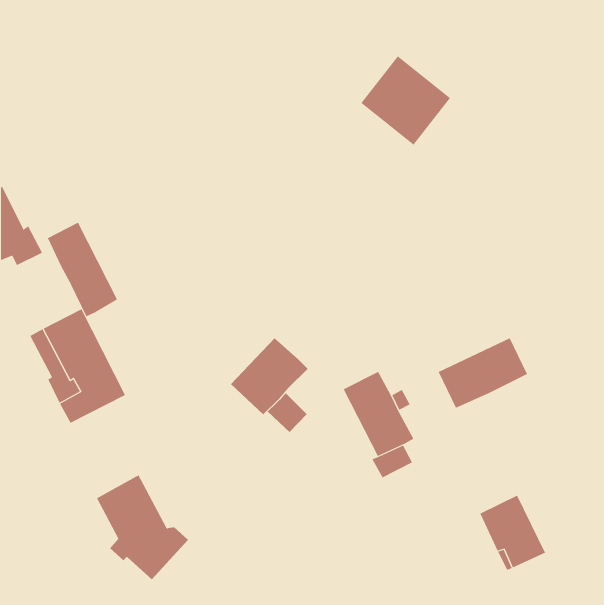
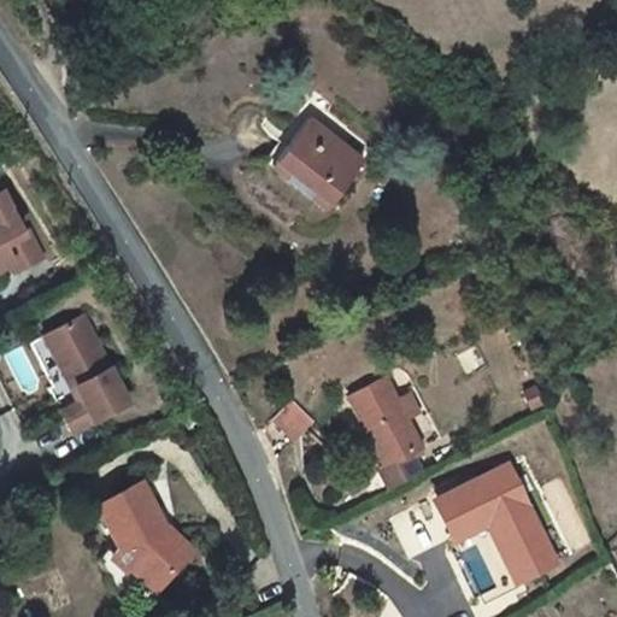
building: [361,55,451,146] -> [274,117,365,208]
building: [47,222,118,317] -> none
building: [438,337,528,409] -> [436,465,528,537]
building: [230,337,309,415] -> none

